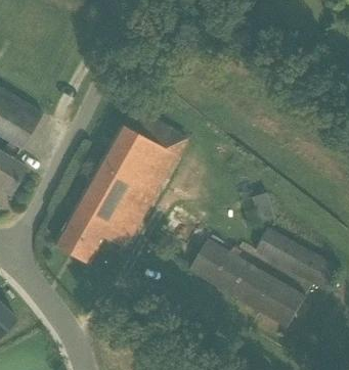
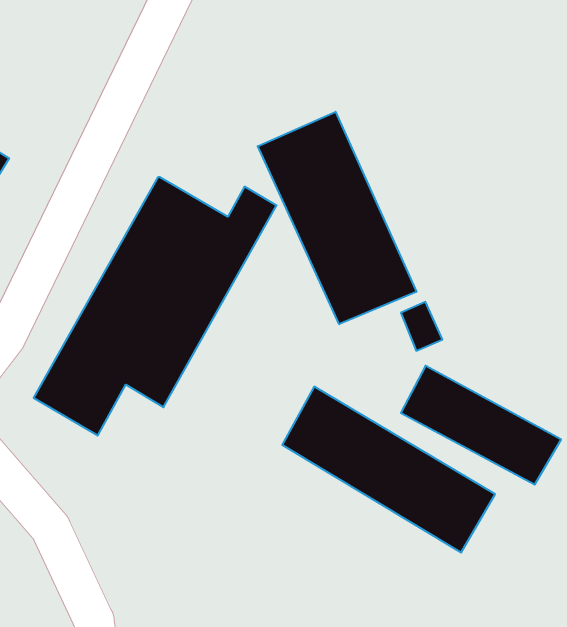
building: none -> [258,112,416,324]

